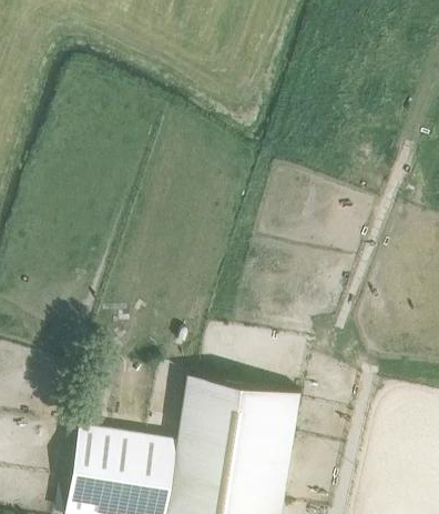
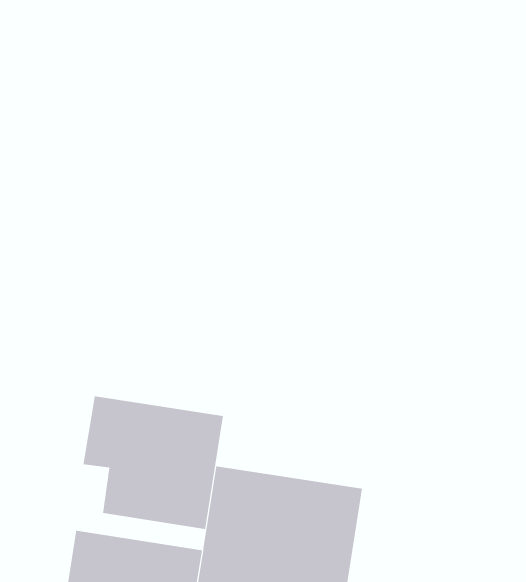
building: none -> [83,396,223,530]

